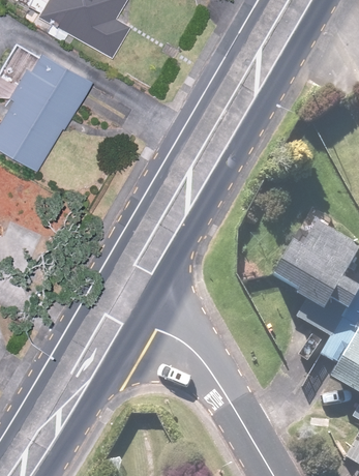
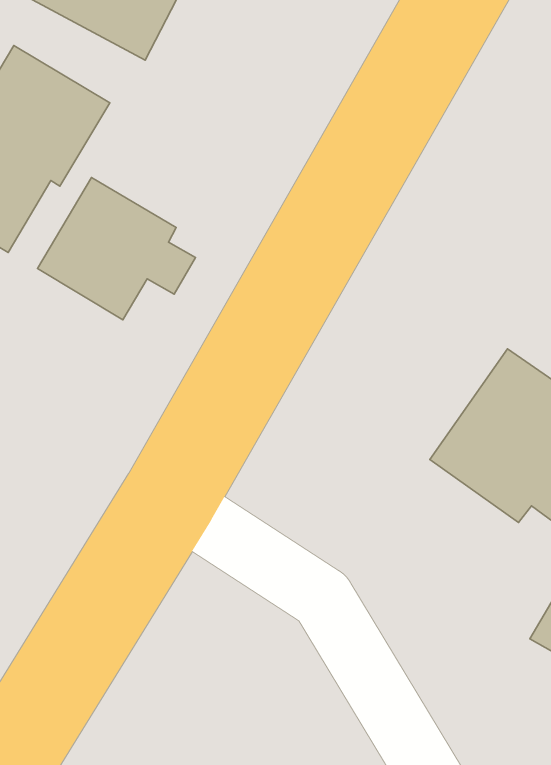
building: none -> [37,178,196,320]

